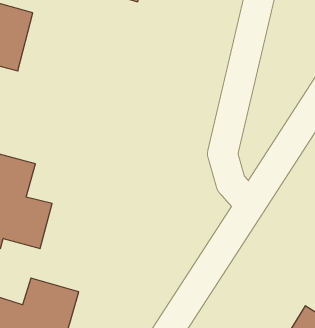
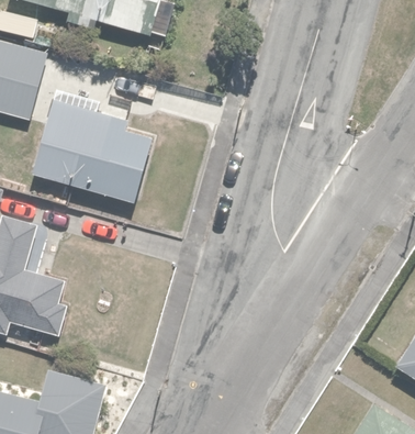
building: none -> [32,111,155,201]

